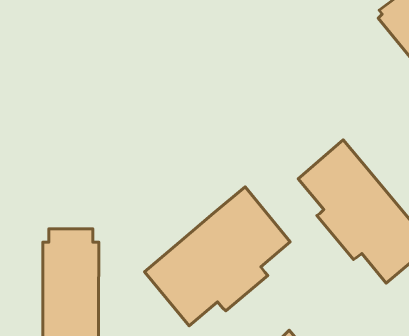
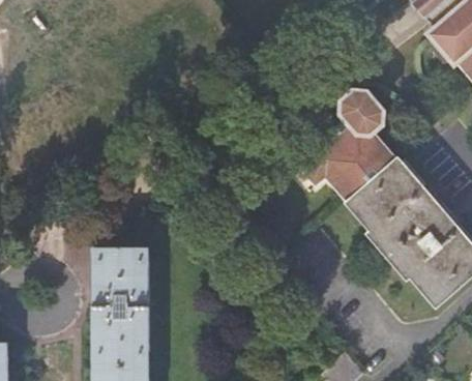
building: none -> [300,94,396,201]
building: [144,187,290,326] -> none

